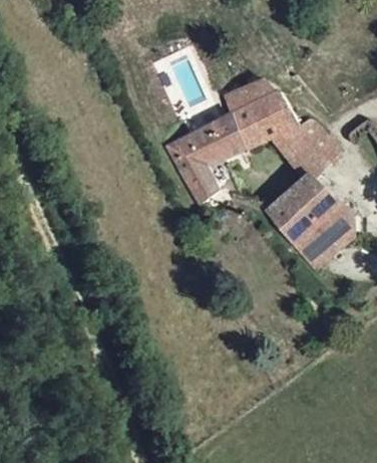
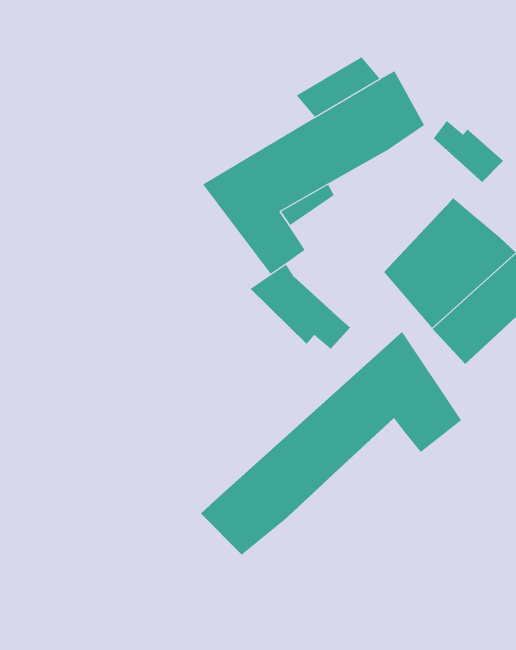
building: [274,123,332,176] -> [250,264,351,349]
building: none -> [200,331,462,555]

